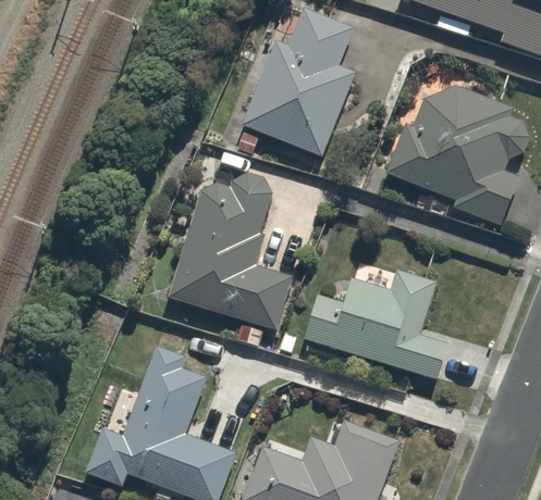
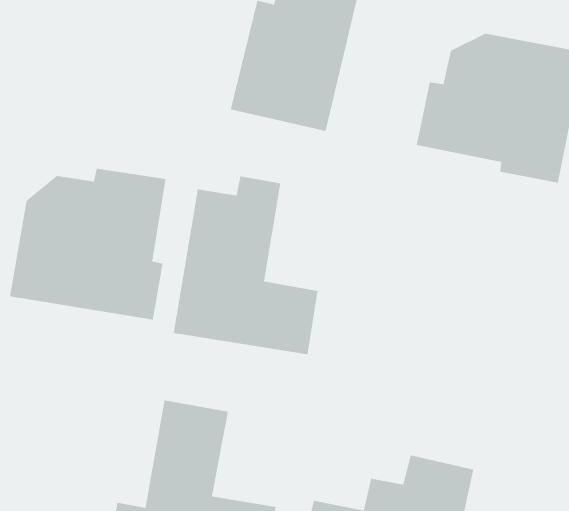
building: none -> [9,168,166,321]
building: [305,272,450,376] -> none

